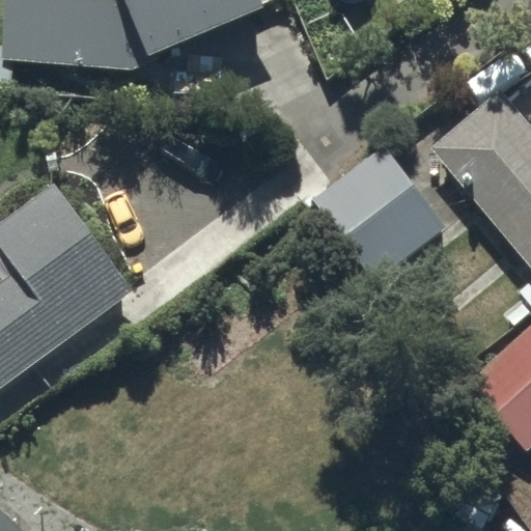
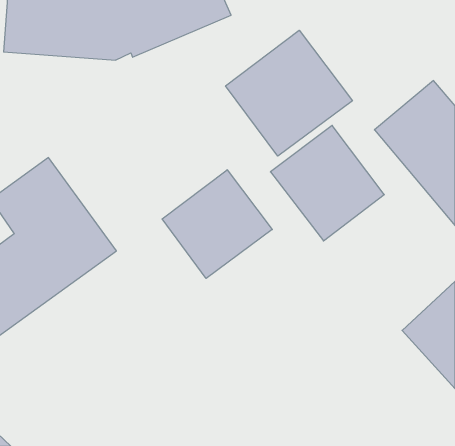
building: none -> [226,30,352,156]
building: none -> [162,170,272,278]

